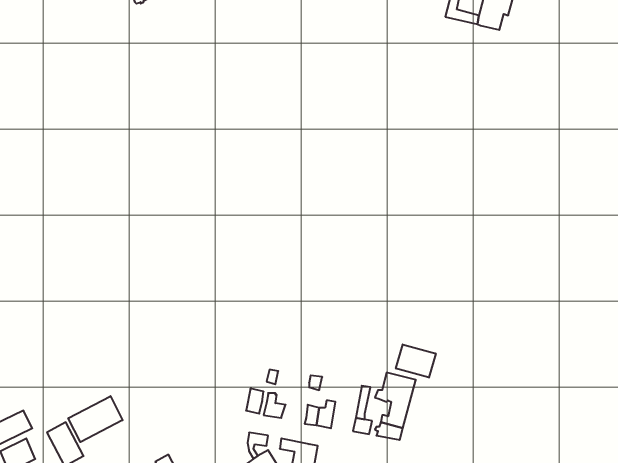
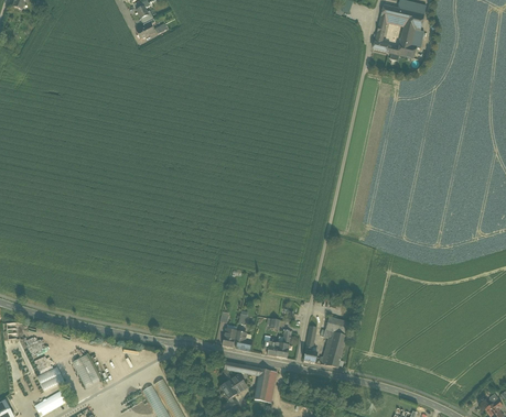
building: [396,344,436,378] -> none
building: [68,396,123,442] -> none

